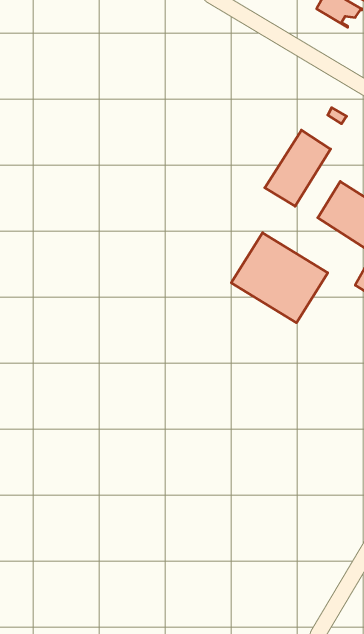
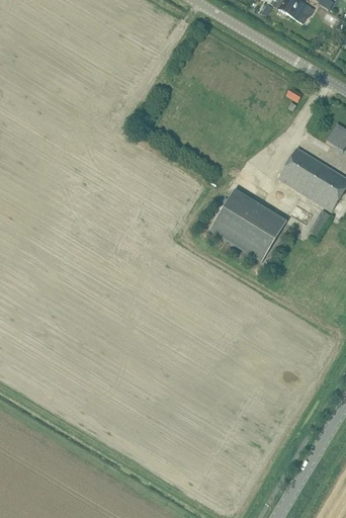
building: [265,130,331,206] -> none

